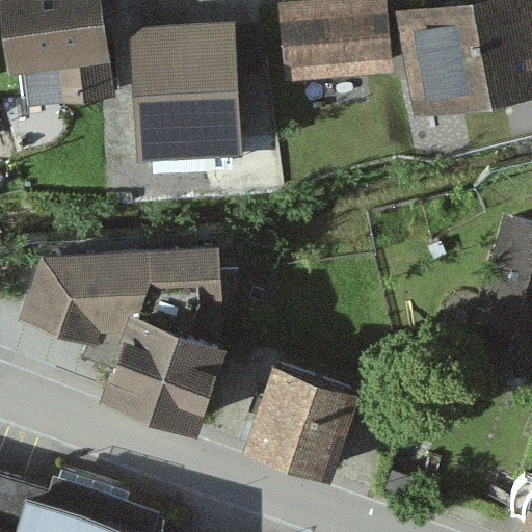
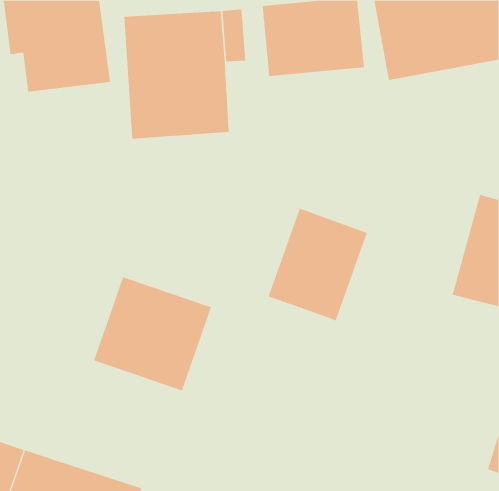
building: none -> [268,208,368,321]
building: [19,241,219,348] -> none
building: [244,354,365,474] -> none

